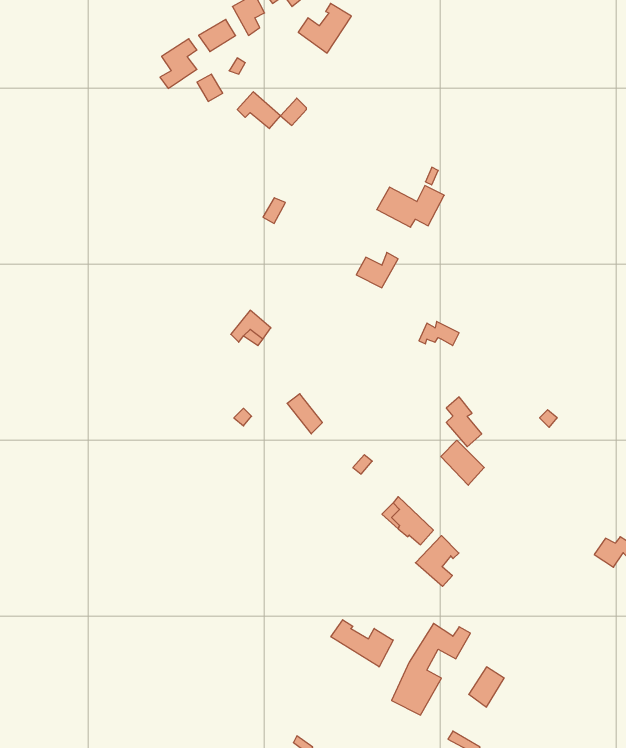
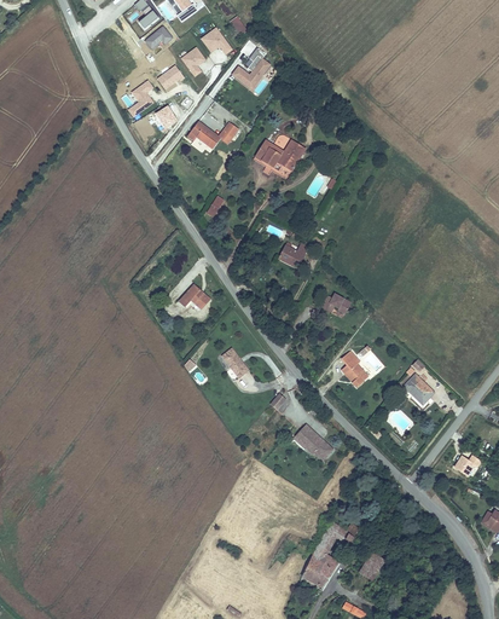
building: [377,186,444,227] -> [249,138,300,169]
building: [441,440,484,485] -> [402,372,435,406]
building: [415,536,459,586] -> none
building: [331,620,393,667] -> none

